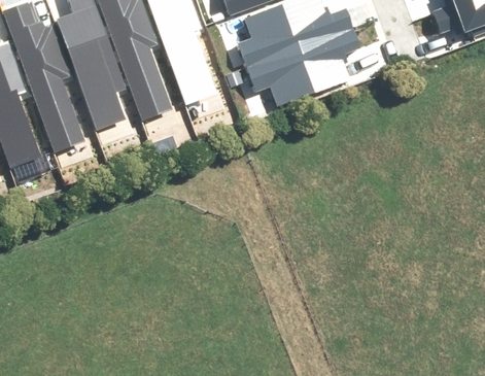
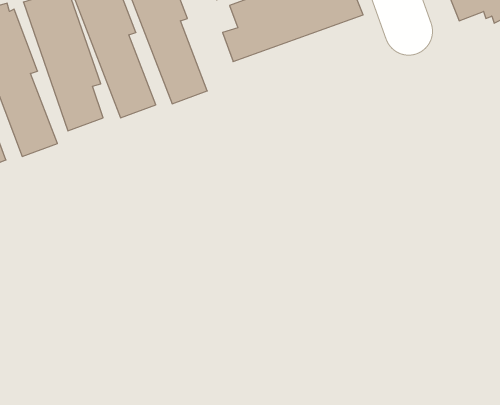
building: [242,29,365,110] -> none

